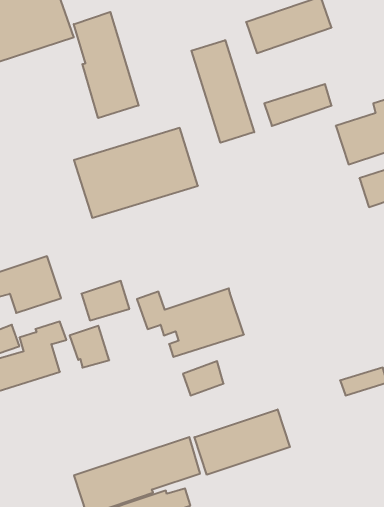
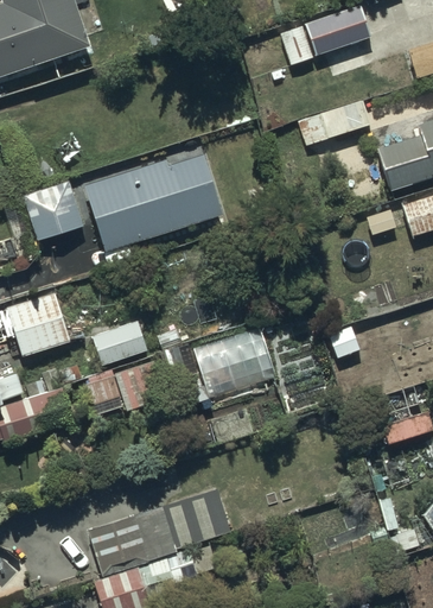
building: [74,12,139,118] -> none
building: [191,40,254,143] -> none
building: none -> [26,180,84,238]
building: [194,409,290,475] -> none

